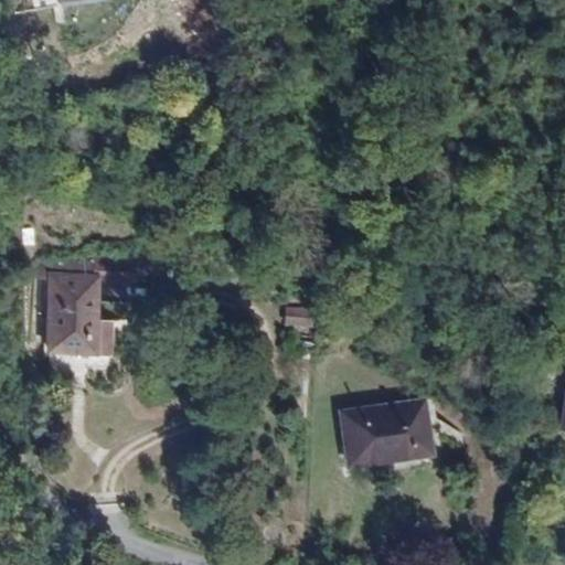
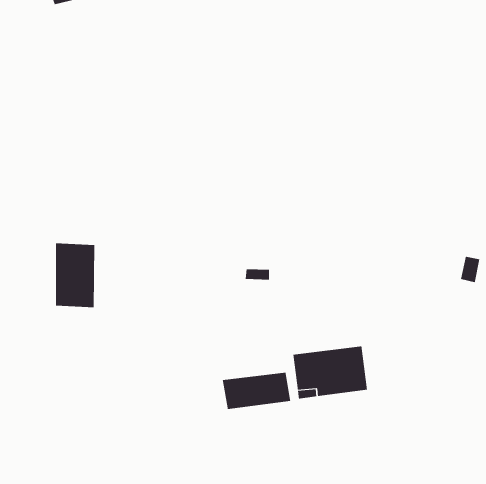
building: none -> [222,372,291,410]

